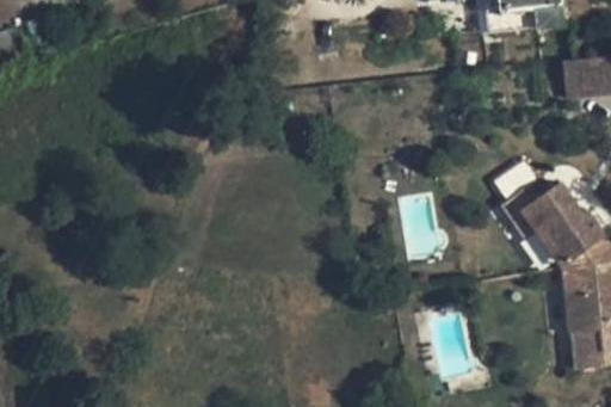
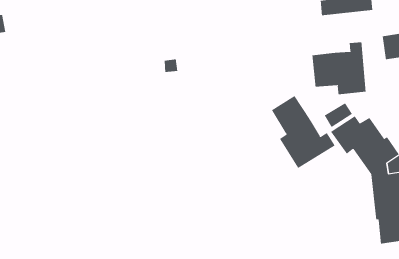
building: none -> [312,41,366,95]
building: none -> [271,95,335,169]

